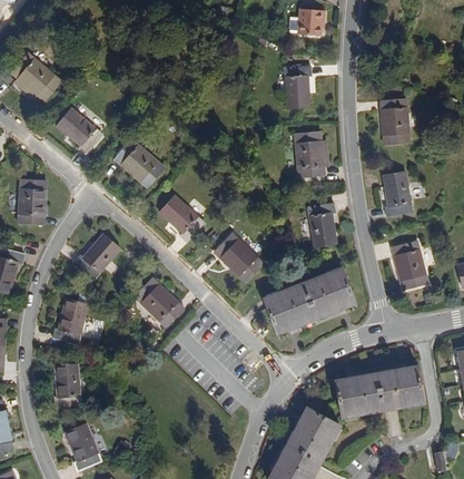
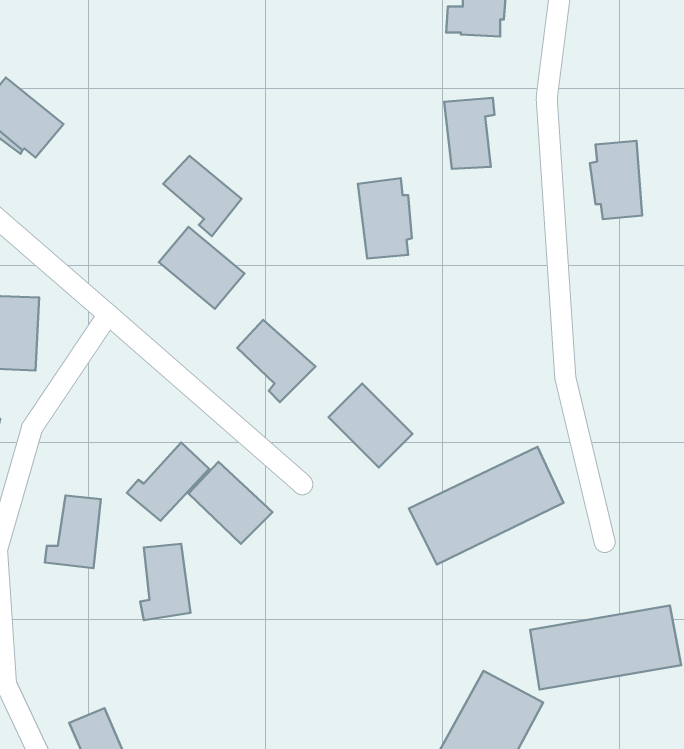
building: [58,108,105,156] -> [163,156,242,236]
building: [289,133,322,180] -> [358,178,412,259]
building: [377,167,406,212] -> none
building: [306,205,335,251] -> none
building: [70,233,119,280] -> [127,443,209,521]
building: [384,235,419,284] -> none
building: [51,366,81,412] -> [140,544,191,620]

